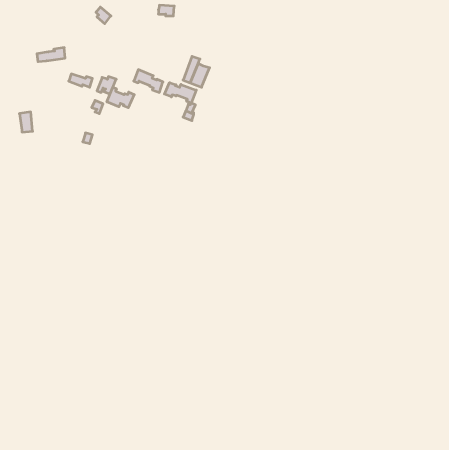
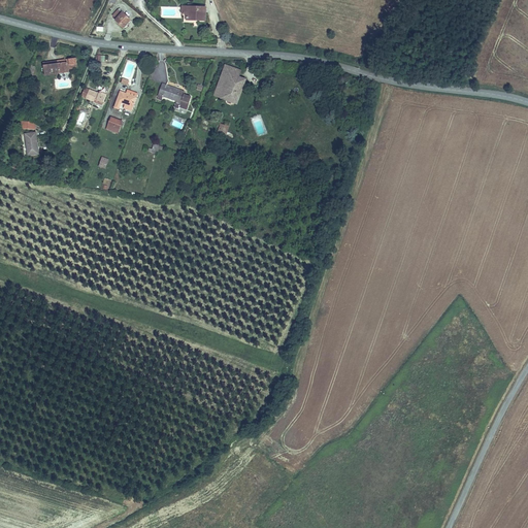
building: [164,83,196,103] -> none
building: [107,87,134,108] -> none

